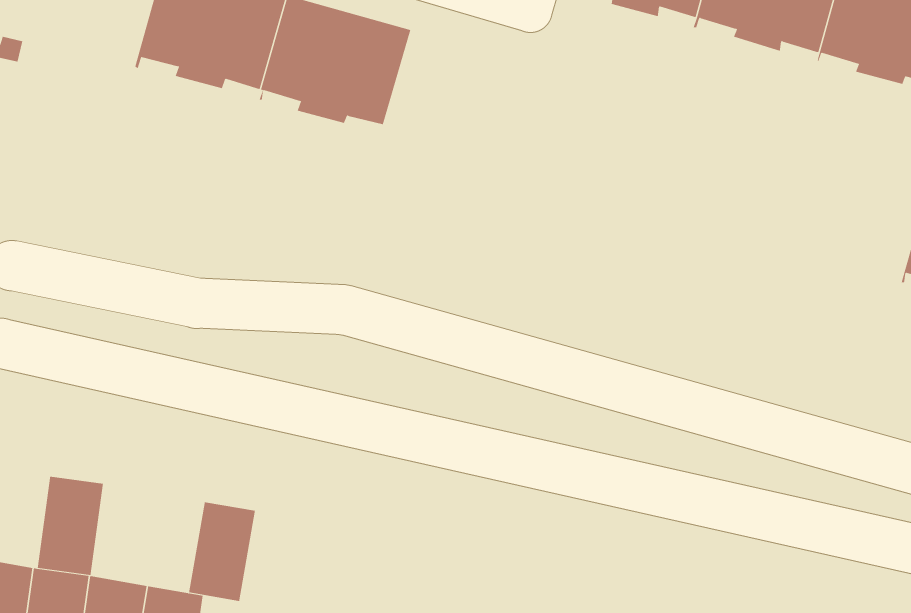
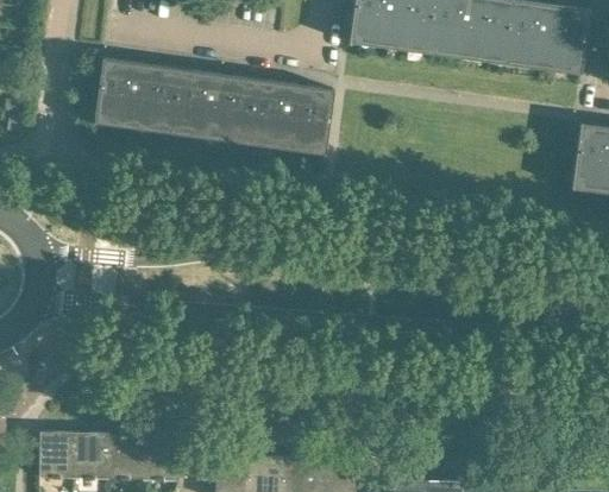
building: none -> [246,78,334,156]
building: [37,476,104,576] -> none
building: [189,501,256,602] -> none

